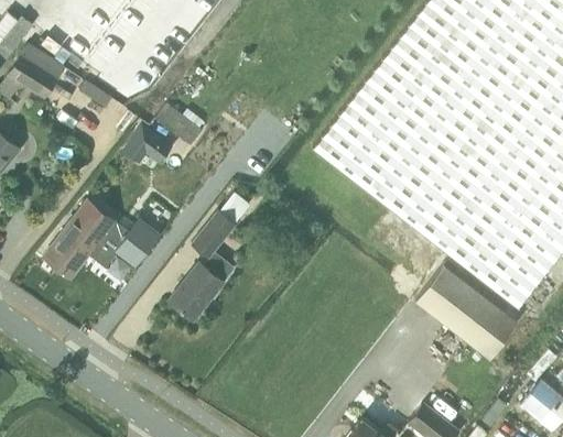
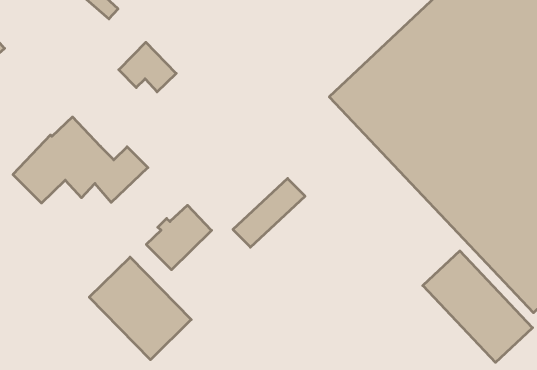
building: [193,193,251,258] -> [233,178,305,247]
building: none -> [89,257,191,360]

